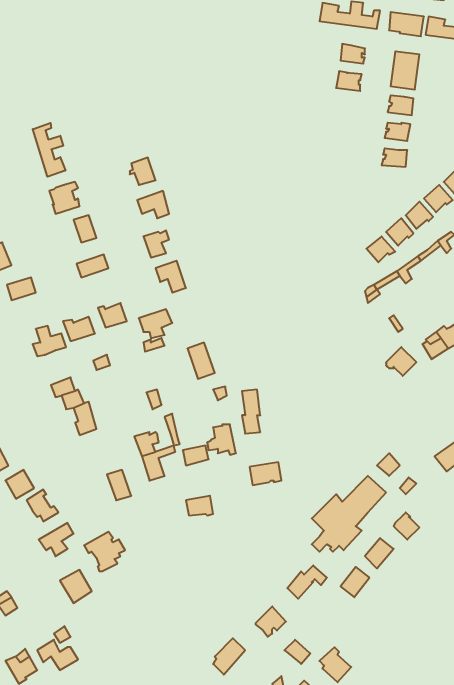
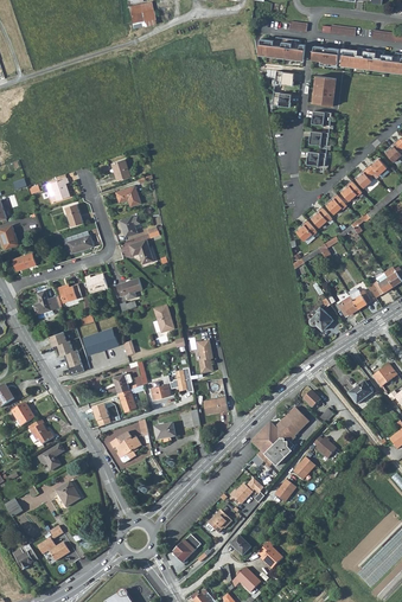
building: [33,123,65,177] -> none
building: none -> [84,327,117,354]
building: [84,532,125,571] -> [108,433,140,463]

